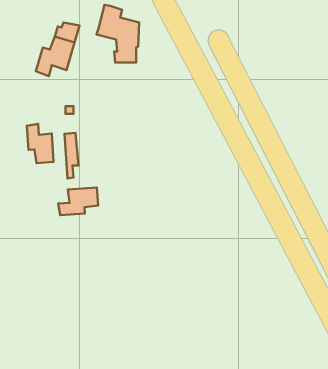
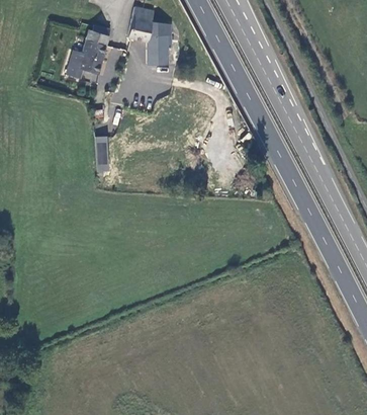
building: [27,124,54,163] -> none
building: [58,188,98,215] -> none

